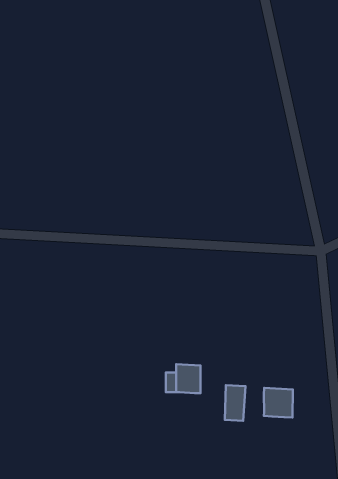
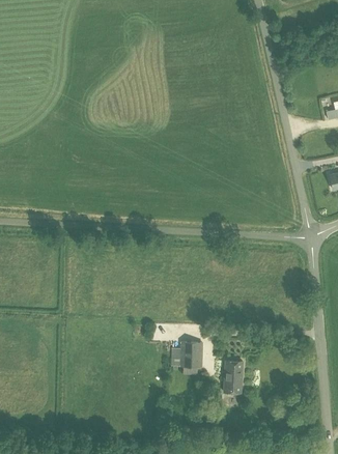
building: [264,388,293,418] -> none

